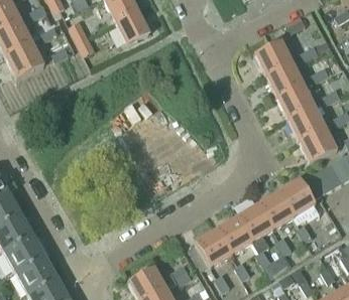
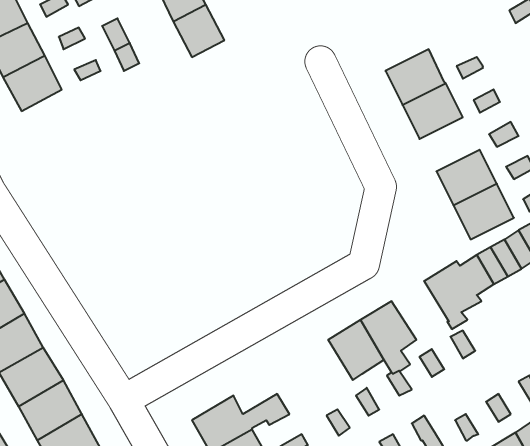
building: [276,84,316,119] -> none
building: [258,190,296,229] -> none
building: [196,229,233,267] -> none

